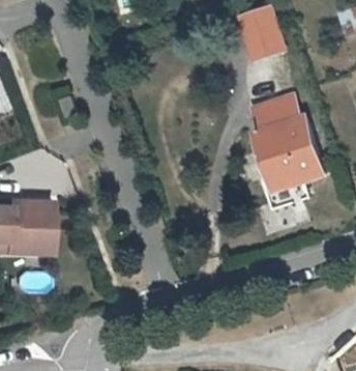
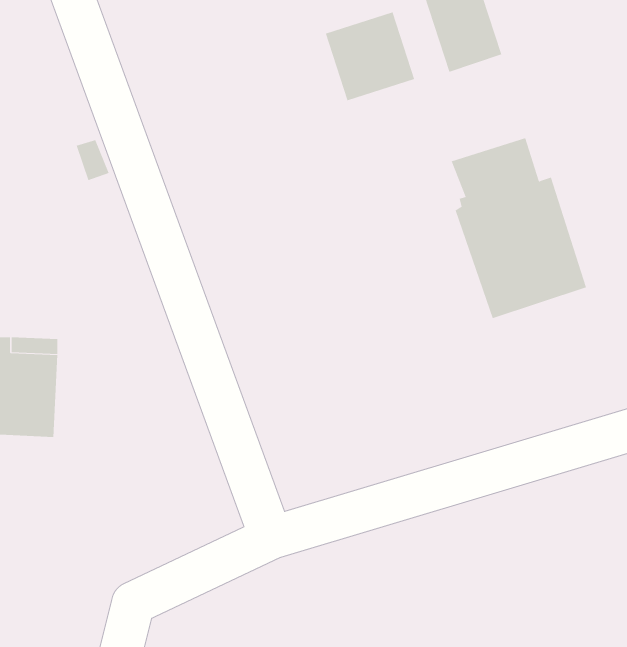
building: none -> [325,12,415,101]

